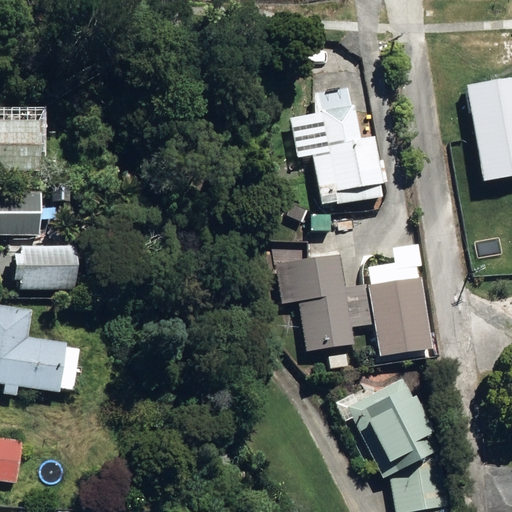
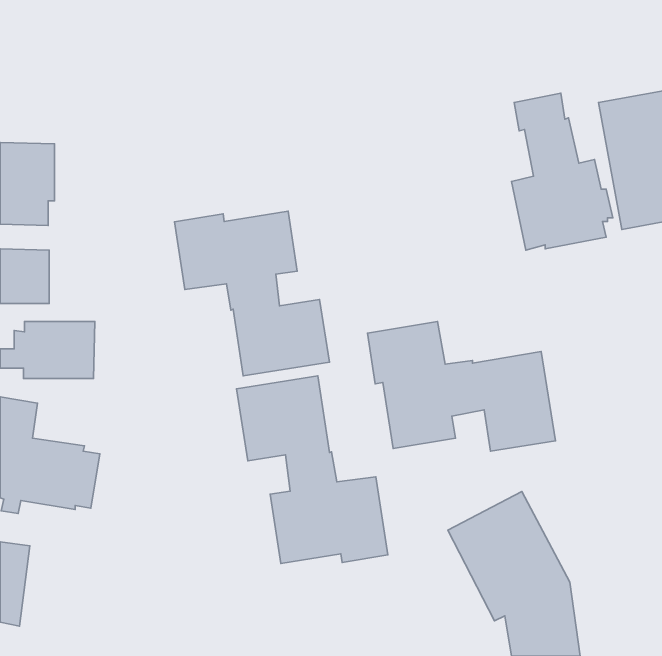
building: [310,86,388,207] -> [511,93,613,250]
building: none -> [174,211,330,376]
building: none -> [236,376,388,563]

